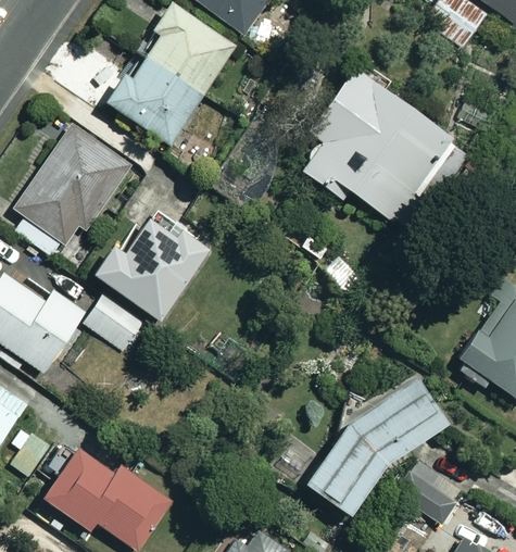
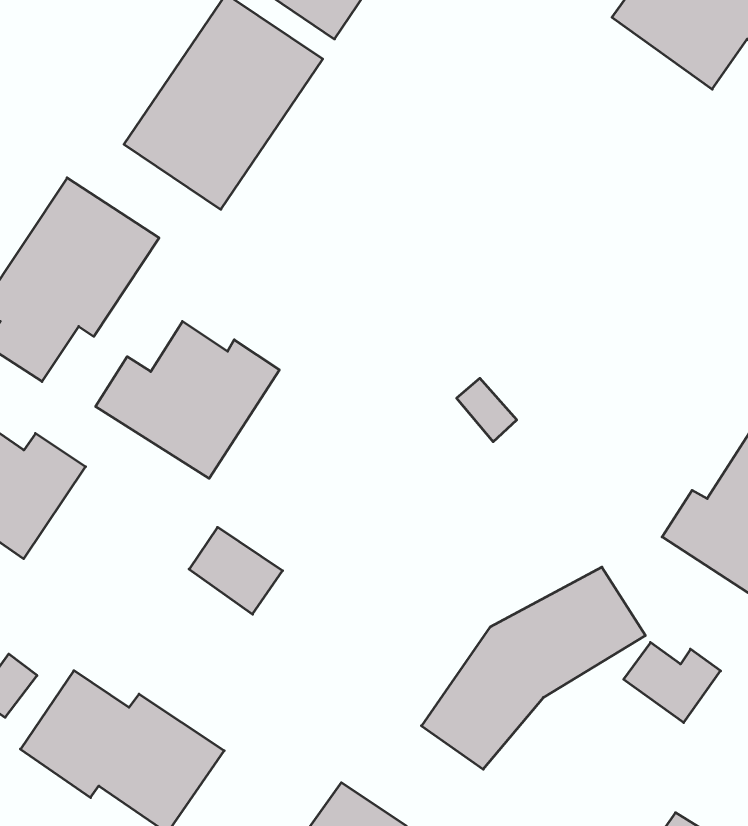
building: [287,66,452,229] -> none
building: [85,297,146,353] -> [189,527,283,614]
building: [400,473,463,525] -> [624,642,721,723]

